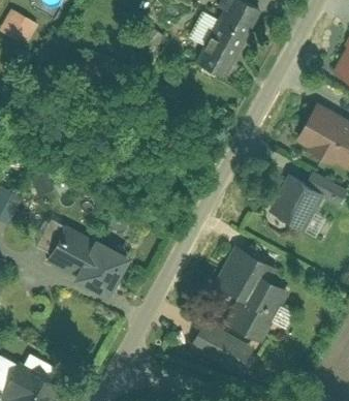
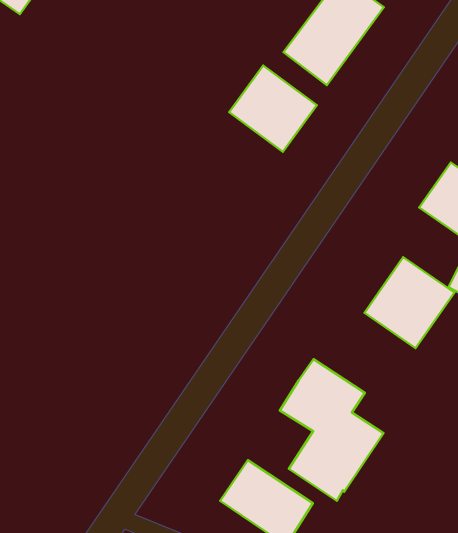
building: none -> [229,66,317,152]
building: [43,227,123,296] -> none

